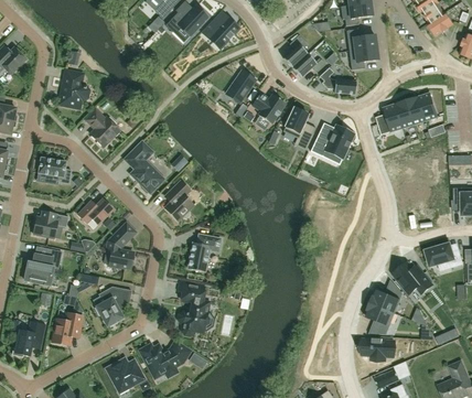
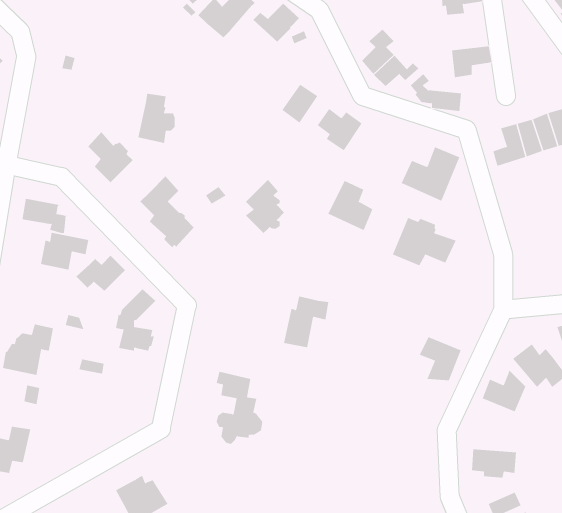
building: [346,28,376,50] -> none
building: [60,71,87,107] -> [137,93,176,143]
building: [282,106,315,142] -> [327,180,373,231]
building: none -> [392,217,457,266]
building: [164,180,193,219] -> [245,179,285,234]
building: [33,209,68,237] -> [40,232,89,270]
building: [187,233,221,270] -> [283,296,329,348]
building: [95,288,131,325] -> none
building: [364,301,395,333] -> [419,337,462,381]
building: [52,312,83,344] -> none
building: [140,341,190,377] -> none

